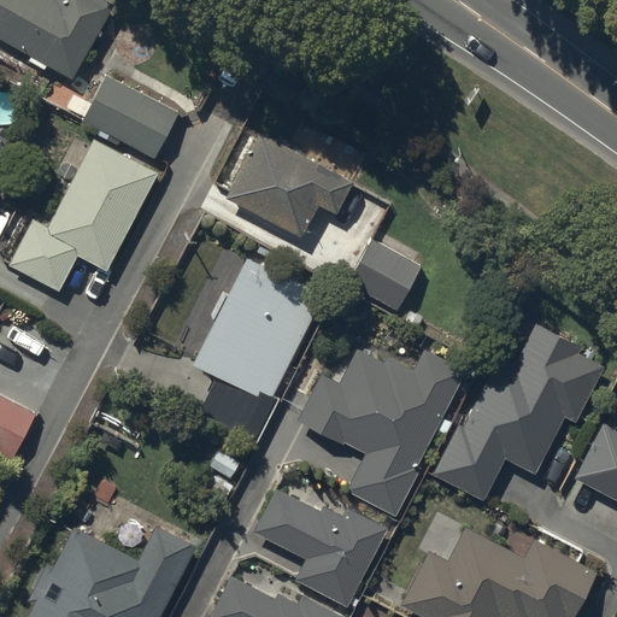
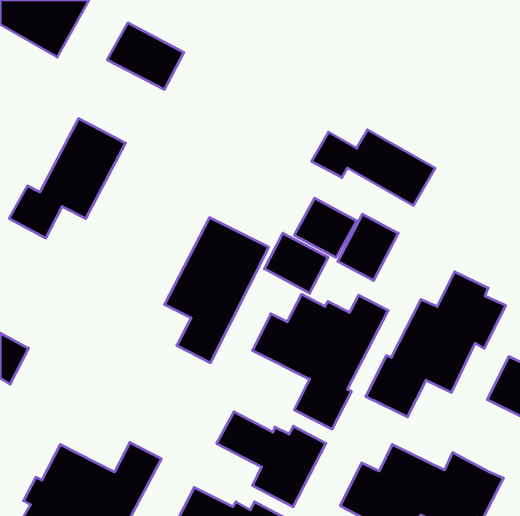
building: [87,81,177,159] -> [107,23,184,89]
building: [230,137,347,231] -> none
building: none -> [312,130,435,205]
building: none -> [338,214,398,281]
building: none -> [264,233,328,293]

